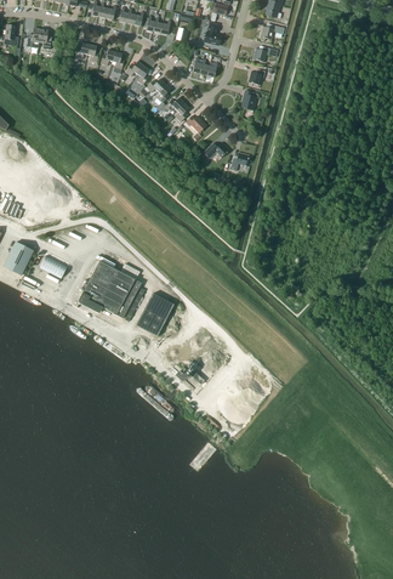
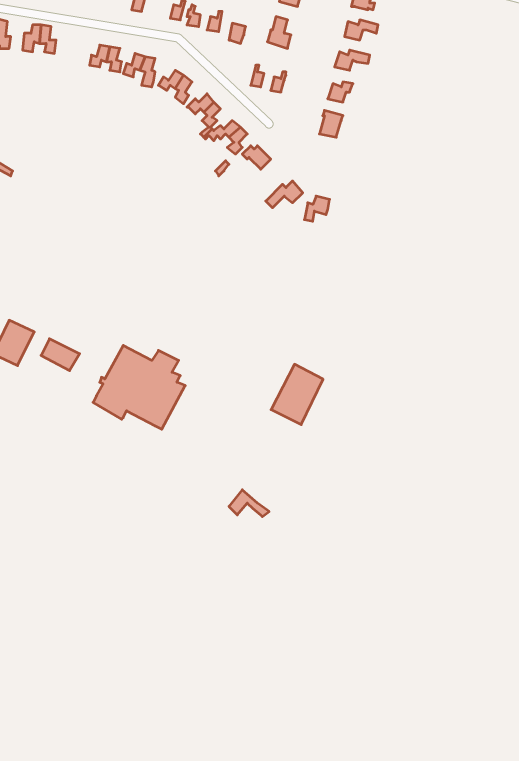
building: [135,293,172,336] -> [271,364,323,425]

